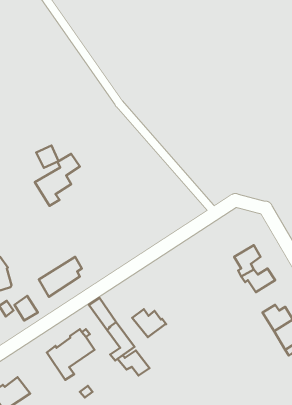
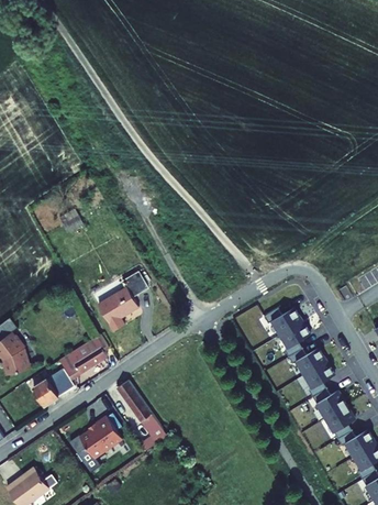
building: [35,154,80,206] -> [97,273,147,331]
building: none -> [263,307,301,334]
building: none -> [303,361,333,397]
building: [132,309,166,337] -> none
building: [118,350,149,376] -> none

